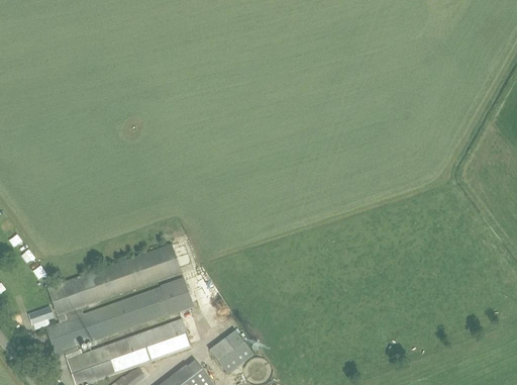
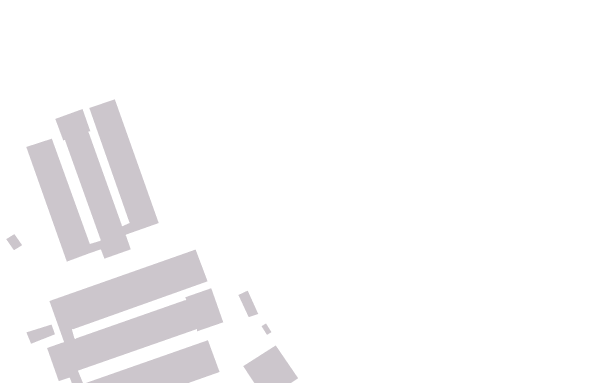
building: none -> [26,98,160,263]

